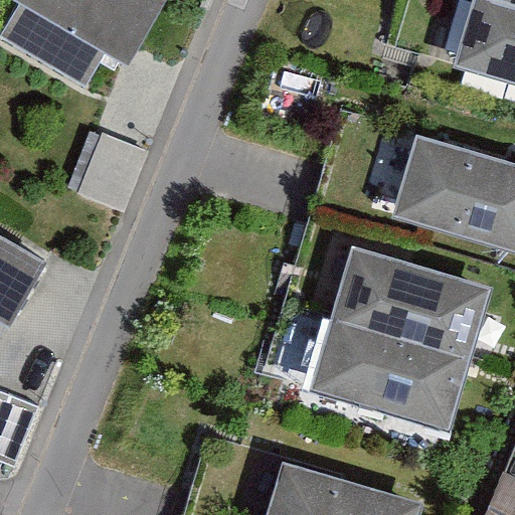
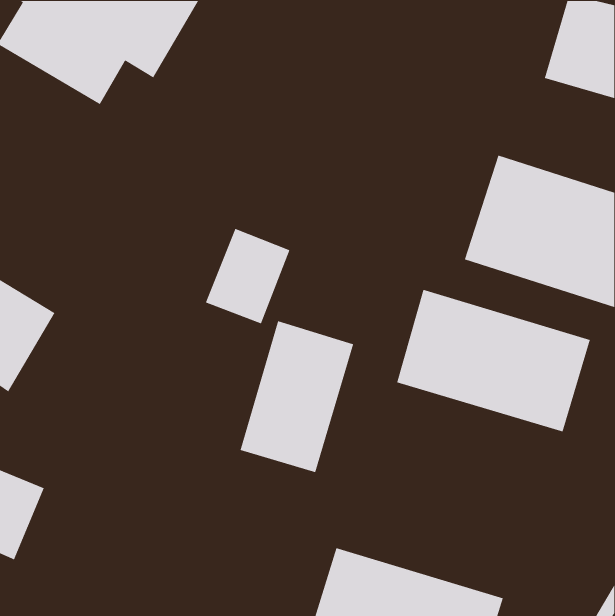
building: [75,134,147,214] -> [205,228,291,325]
building: none -> [239,320,354,473]
building: [310,320,469,428] -> none

